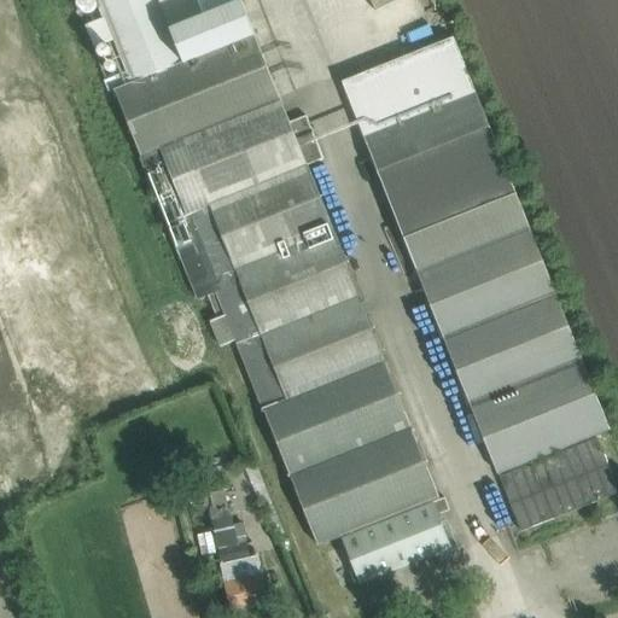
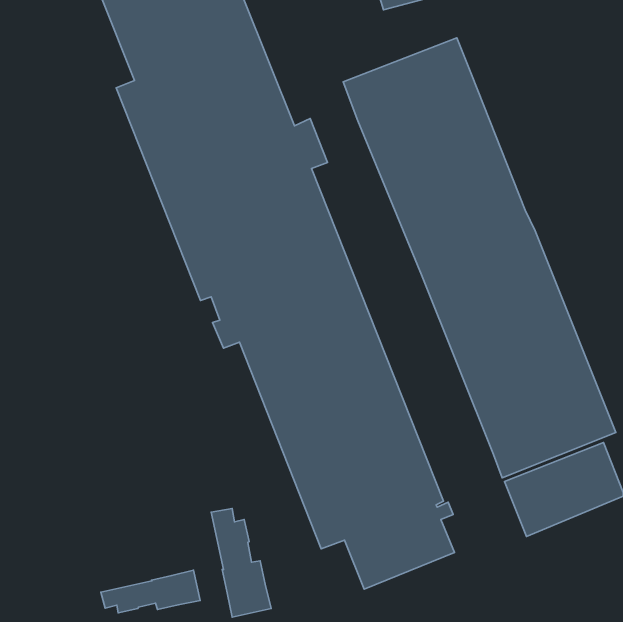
building: none -> [101,570,200,613]

